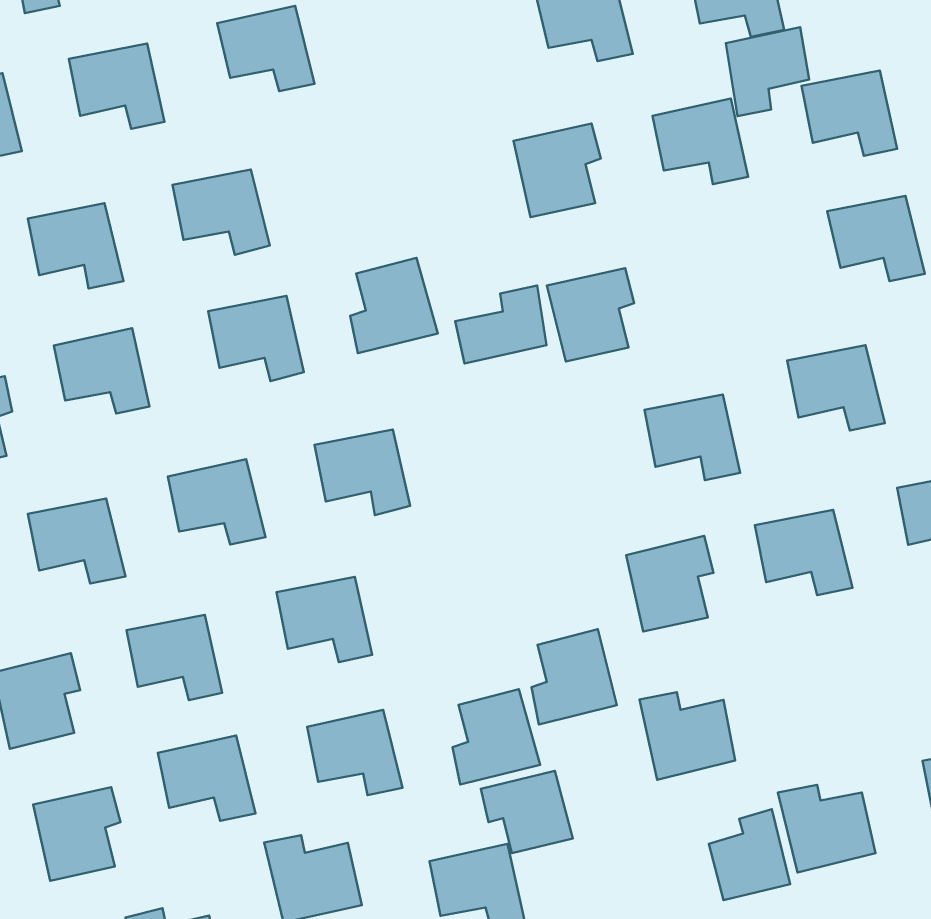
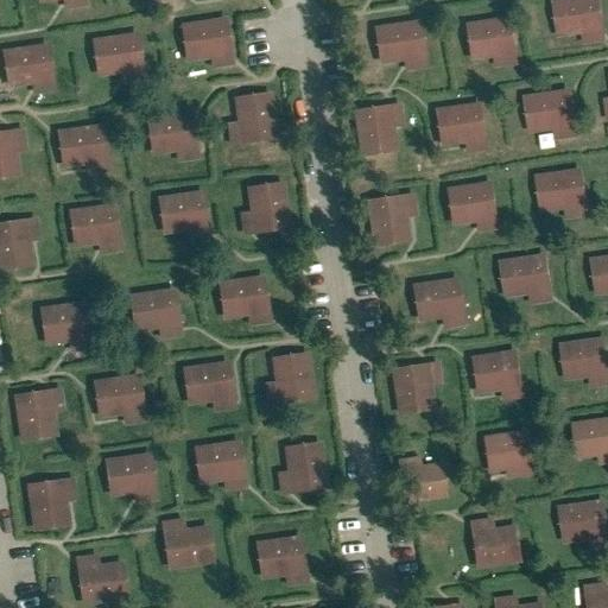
building: [726,27,809,116] -> none
building: none -> [229,89,280,142]
building: none -> [446,179,500,229]
building: [455,286,547,364] -> none
building: [531,629,617,724] -> [268,359,318,412]
building: none -> [482,432,537,481]
building: [481,771,573,853] -> none
building: [709,809,790,900] -> none

